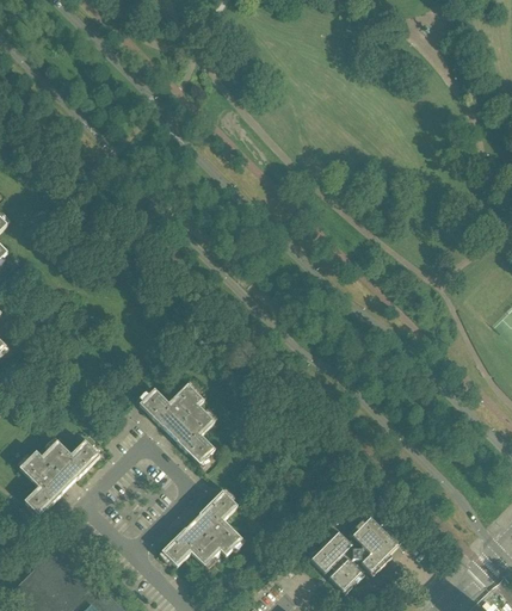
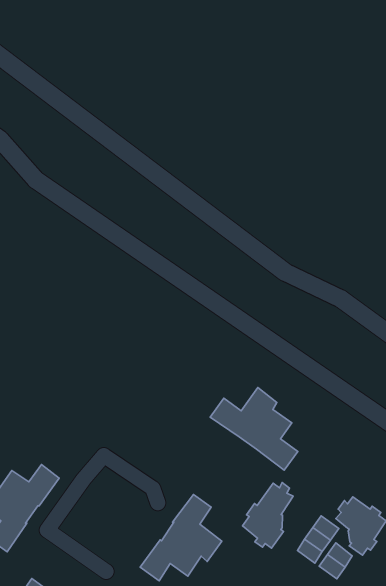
building: [140,383,216,464] -> [210,388,298,470]
building: none -> [242,483,293,548]

